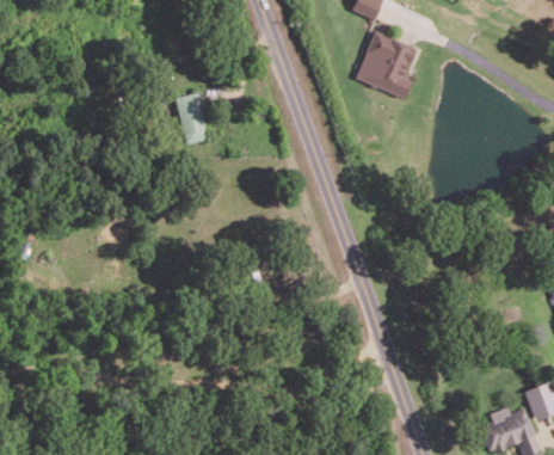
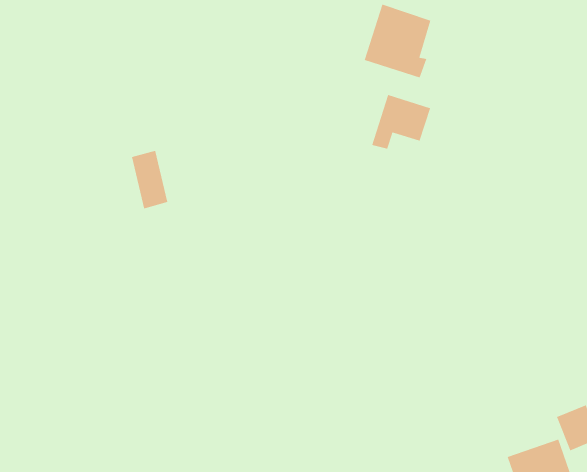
building: [176,92,208,143] -> [131,150,168,209]
building: none -> [372,94,431,149]

